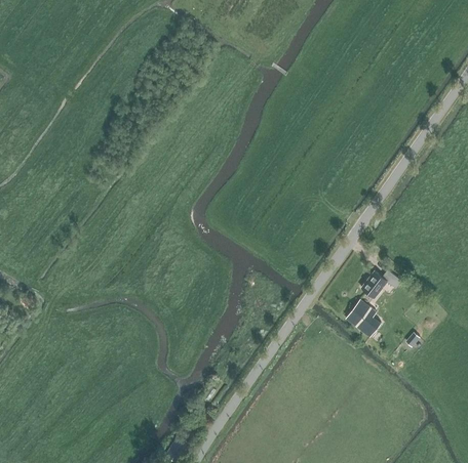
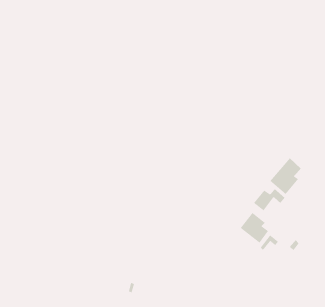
building: none -> [270,158,302,195]

